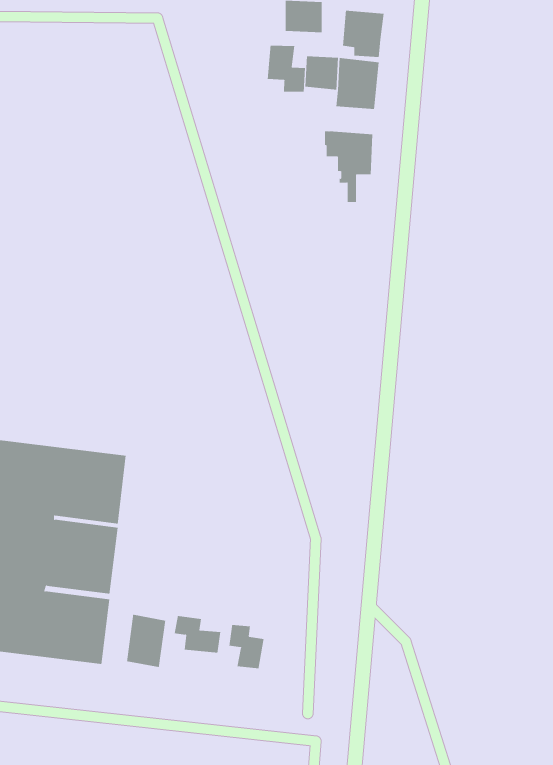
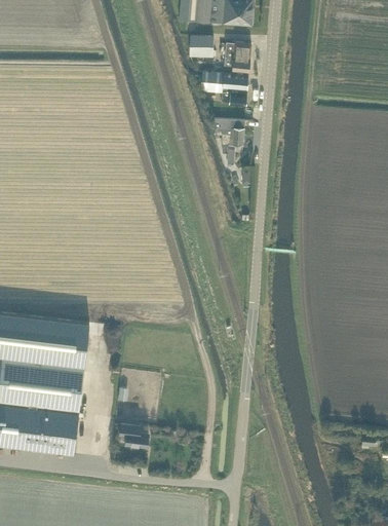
building: [267,45,305,92] -> none
building: [126,614,166,668] -> none
building: [229,624,264,669] -> none

